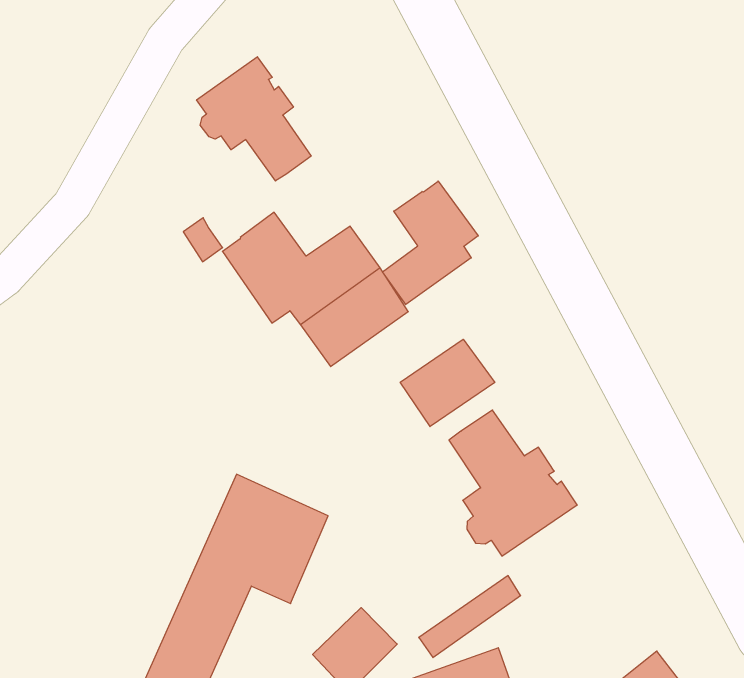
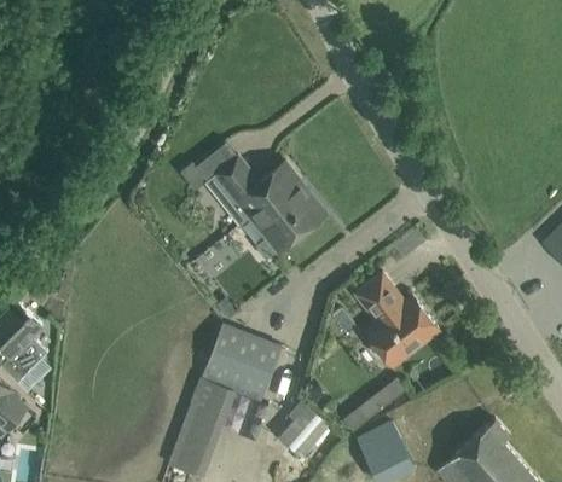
building: [197,57,311,181] -> none
building: [383,181,478,305] -> none
building: [400,339,495,427] -> none

